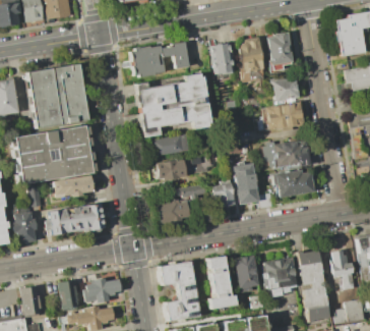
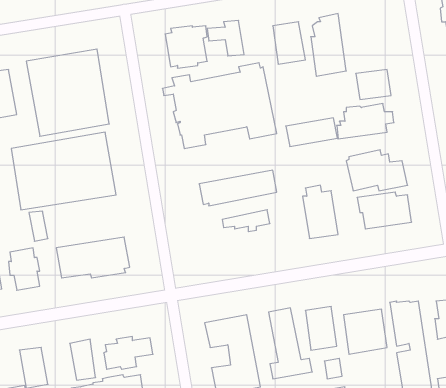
building: [268,33,293,70] -> none
building: [151,134,190,156] -> [286,118,337,146]
building: [54,175,94,198] -> none
building: [211,179,235,208] -> none
building: [157,199,191,224] -> none

